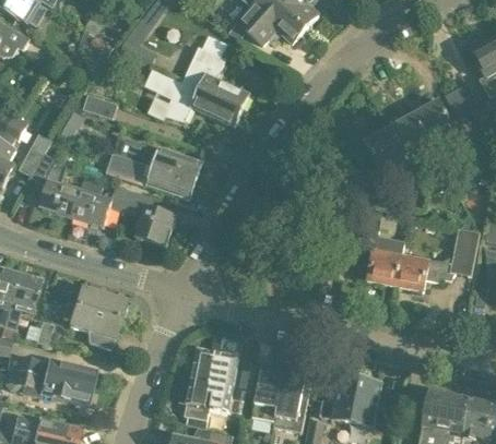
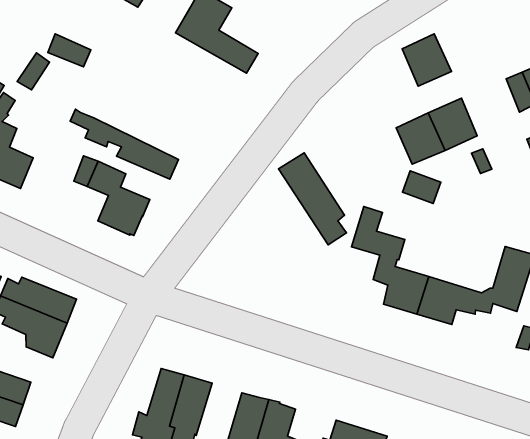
building: [144,69,241,125] -> none
building: [413,98,453,141] -> [402,34,451,86]
building: [114,136,201,182] -> none
building: none -> [279,153,347,245]
building: [72,180,111,227] -> none

